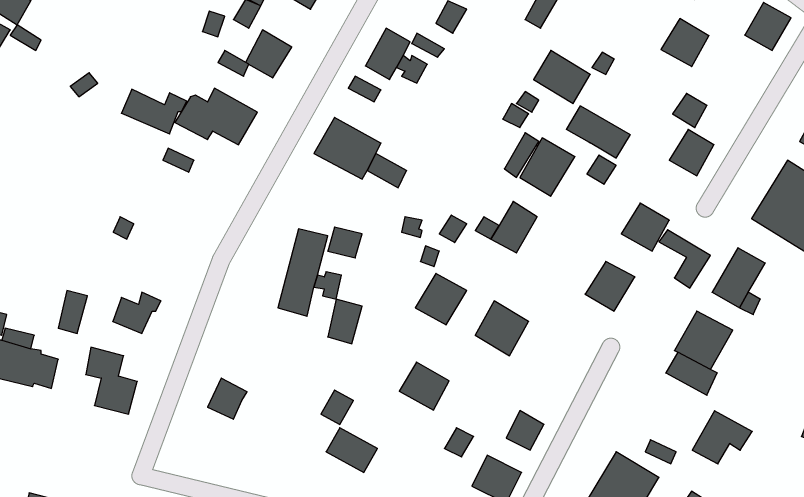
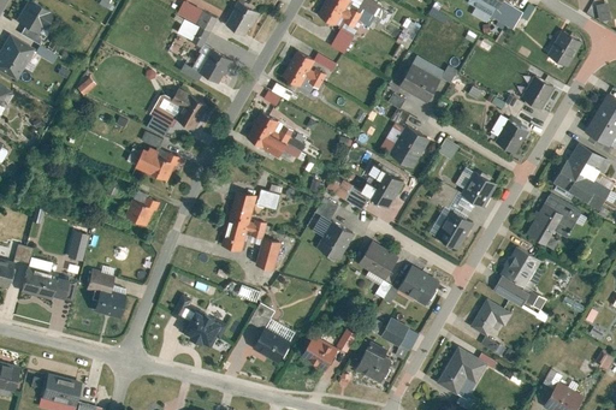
building: [661,19,709,67] -> [521,76,555,109]
building: [121,89,187,134] -> [135,151,180,183]
building: [566,106,630,158] -> none
building: [659,230,710,288] -> [544,195,580,236]
building: [113,292,161,333] -> [125,198,159,227]
building: none -> [399,266,439,304]
building: [399,362,449,410] -> [302,337,337,370]
building: none -> [185,310,221,345]
building: [692,411,752,464] -> [470,298,513,335]

